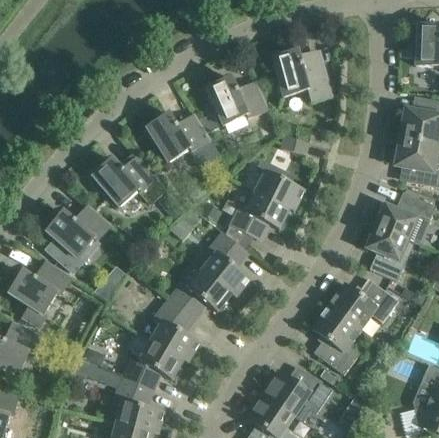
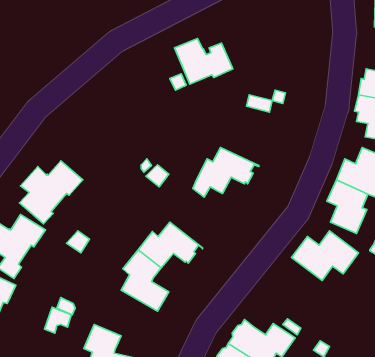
building: [272,50,331,102] -> none
building: [146,113,219,167] -> none
building: [92,156,165,206] -> none
building: [254,161,304,210] -> none
building: [201,231,250,296] -> none
building: [311,306,360,375] -> none
building: [122,340,188,388] -> none

